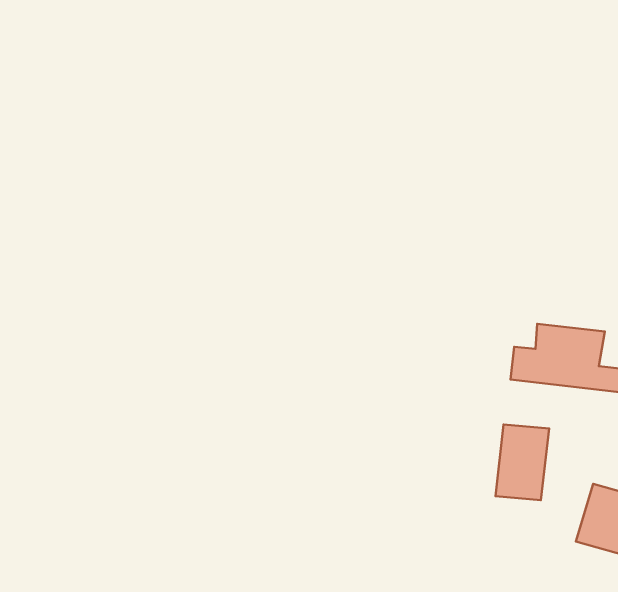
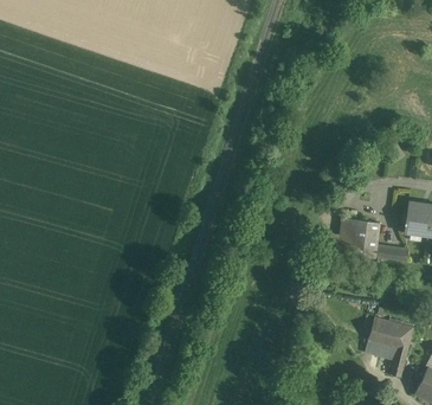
building: [495,424,549,500] -> none

